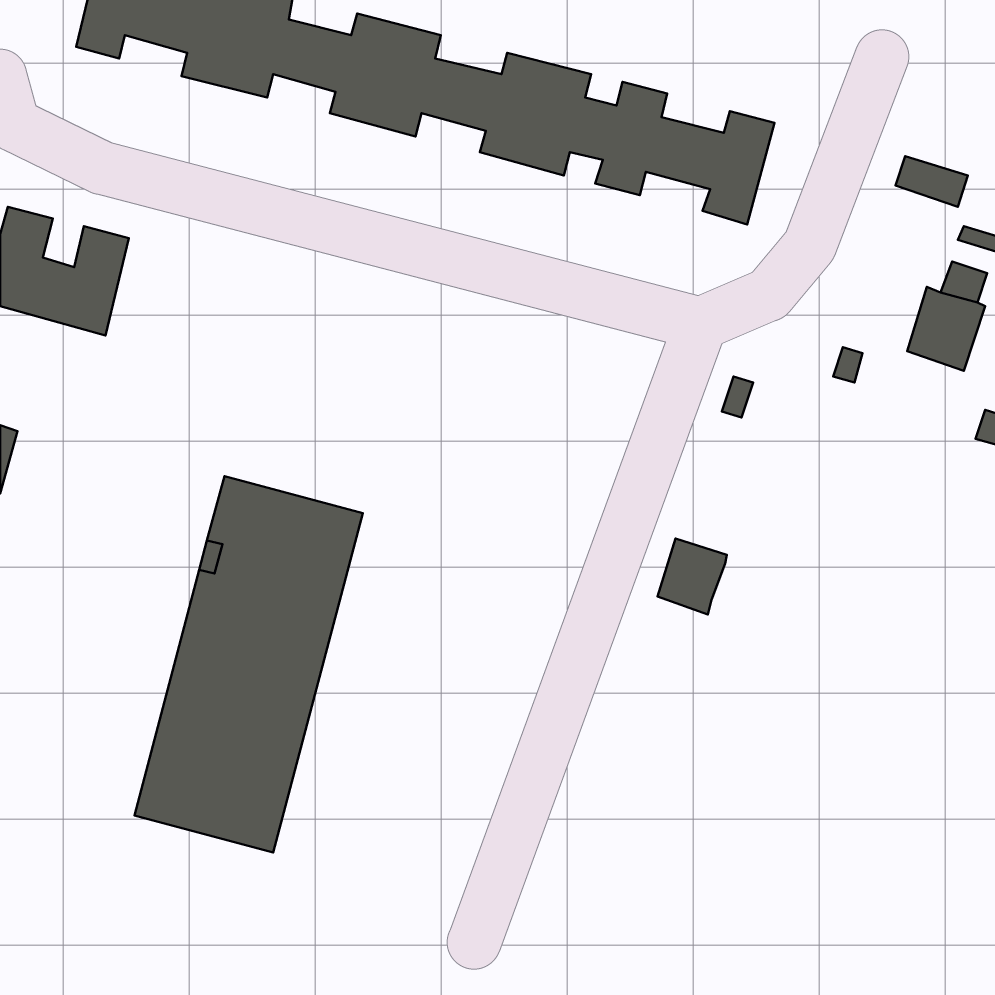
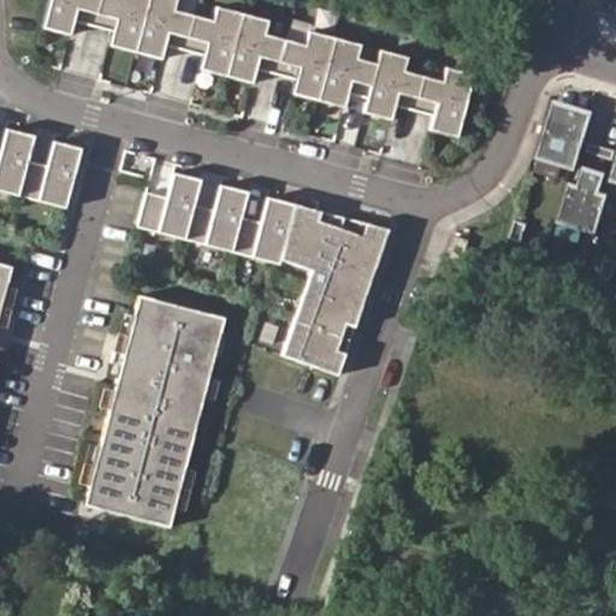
building: none -> [540,114,592,166]
building: none -> [137,171,386,372]
building: [657,539,727,615] -> none

